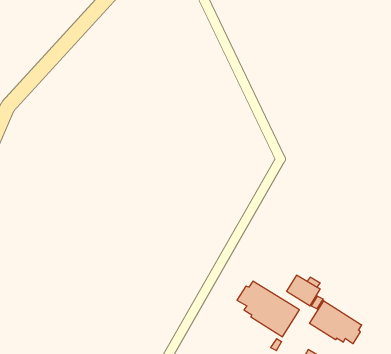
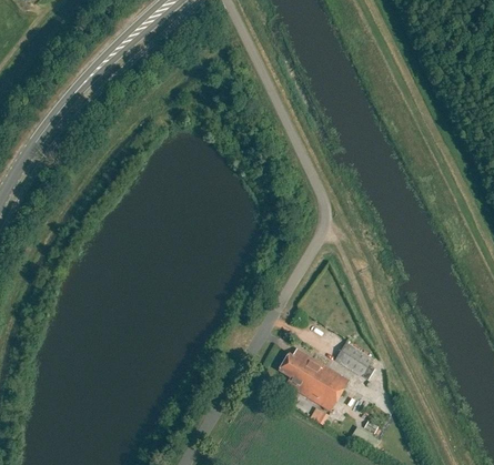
building: [310,301,362,344] -> none

